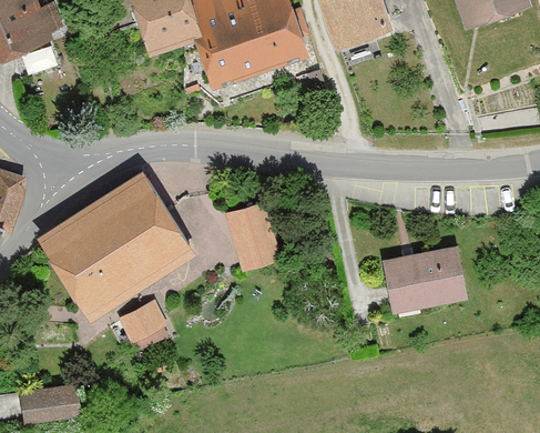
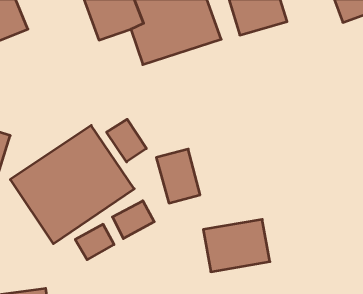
building: none -> [107,119,146,162]
building: [381,243,469,312] -> [203,219,270,272]
building: none -> [112,201,154,239]

